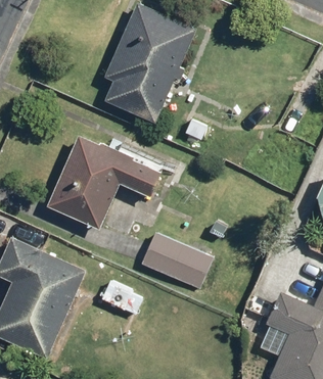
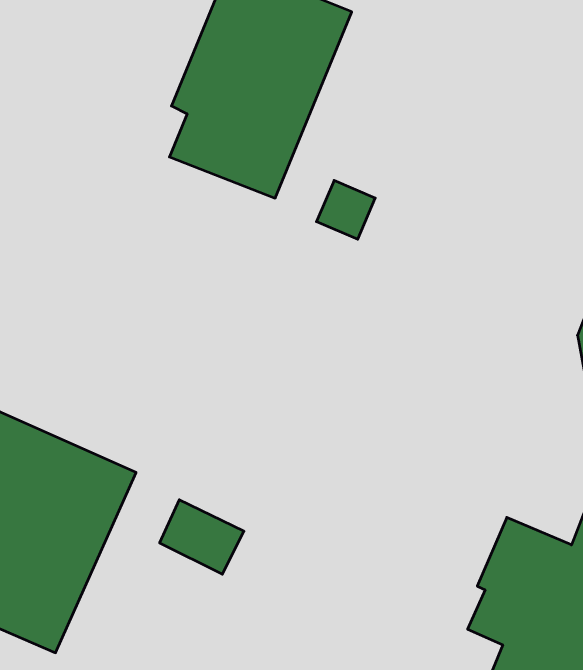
building: [45,133,160,231] -> none
building: [138,232,213,292] -> none

